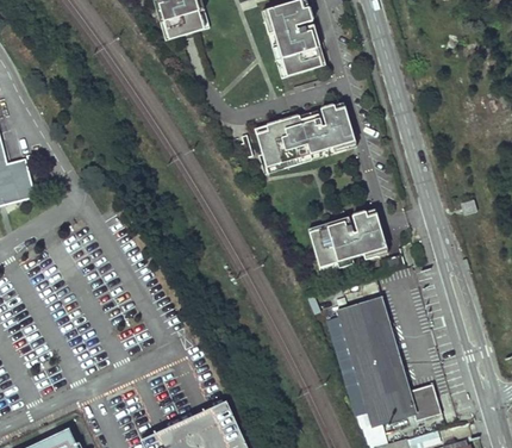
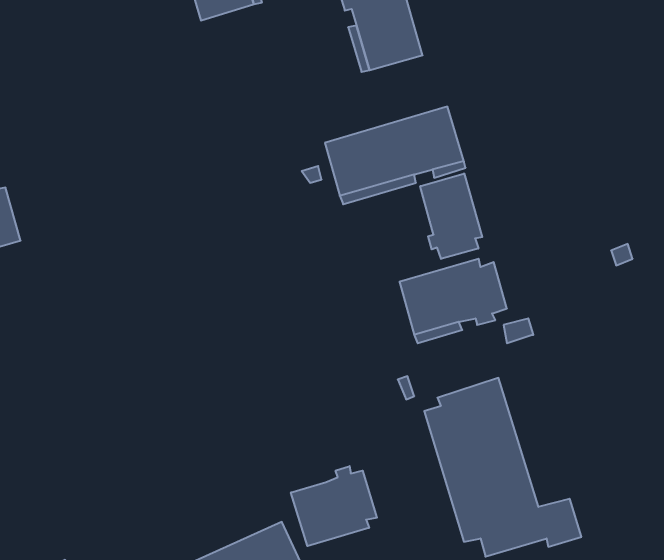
building: none -> [420,173,482,259]
building: none -> [291,466,377,546]

